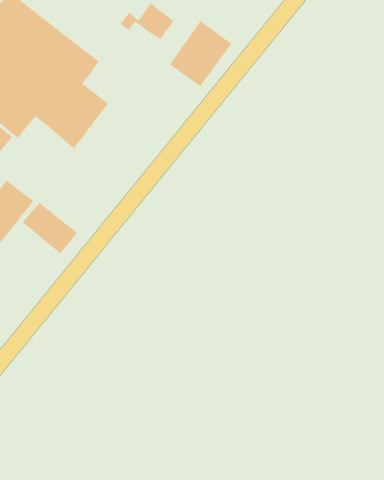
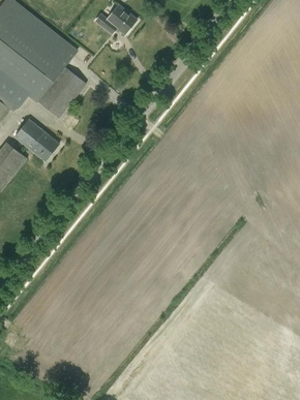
building: [169,20,232,87] -> none
building: [22,202,78,254] -> [14,120,58,160]

